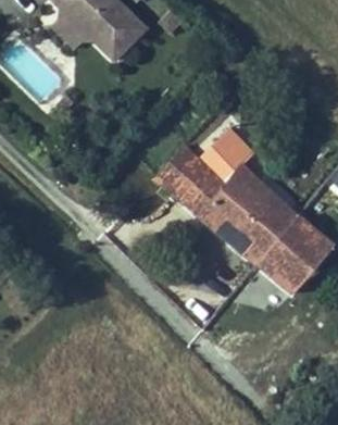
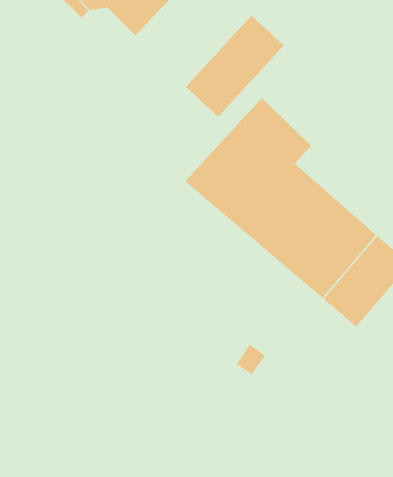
building: none -> [185,15,285,118]

